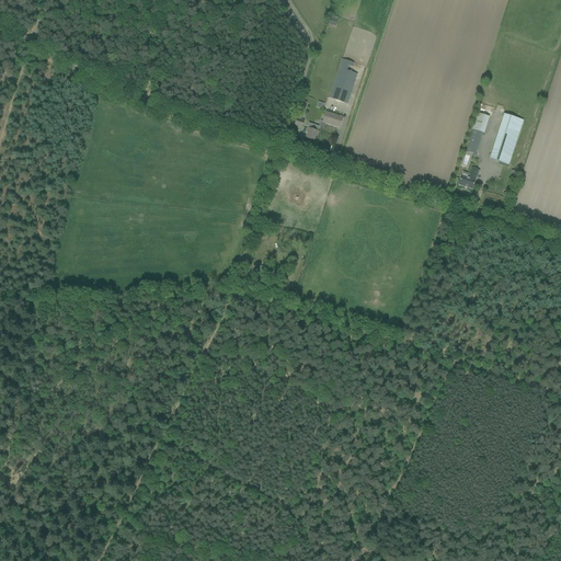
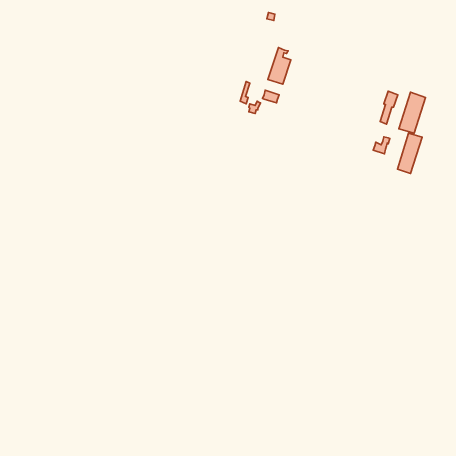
building: none -> [397,133,422,174]

